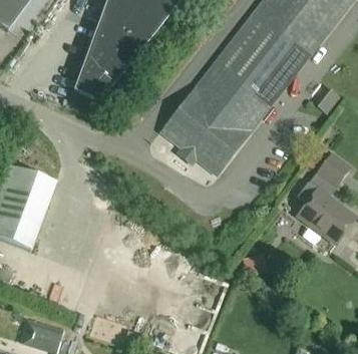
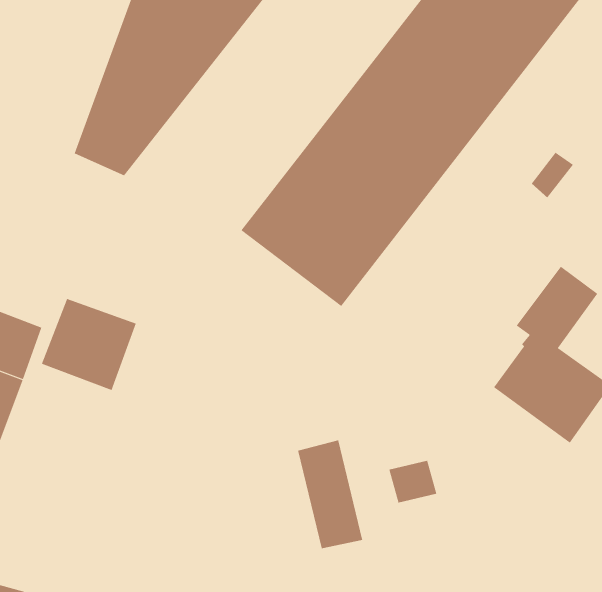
building: none -> [41,298,137,391]
building: none -> [298,439,363,549]

